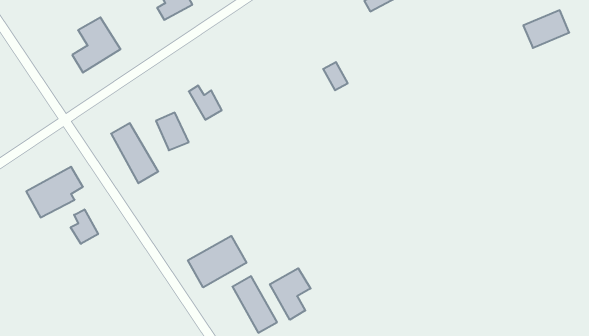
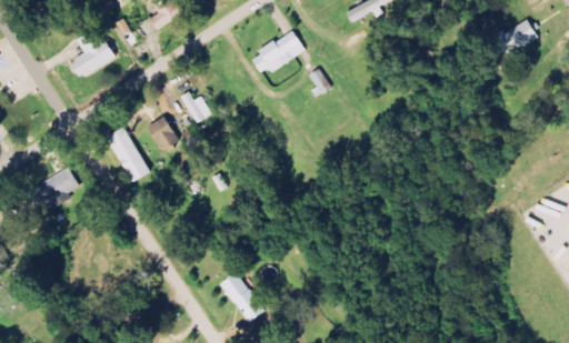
building: none -> [251,30,303,77]
building: [71,209,98,244] -> none
building: [188,236,246,287] -> none
building: [270,268,311,320] -> none

